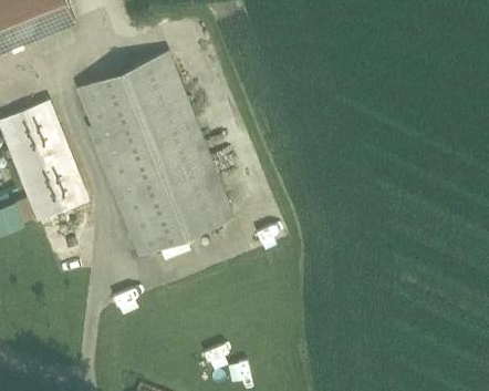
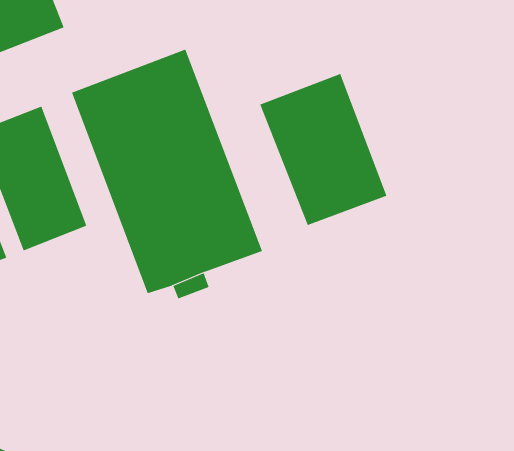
building: none -> [260,73,387,226]

